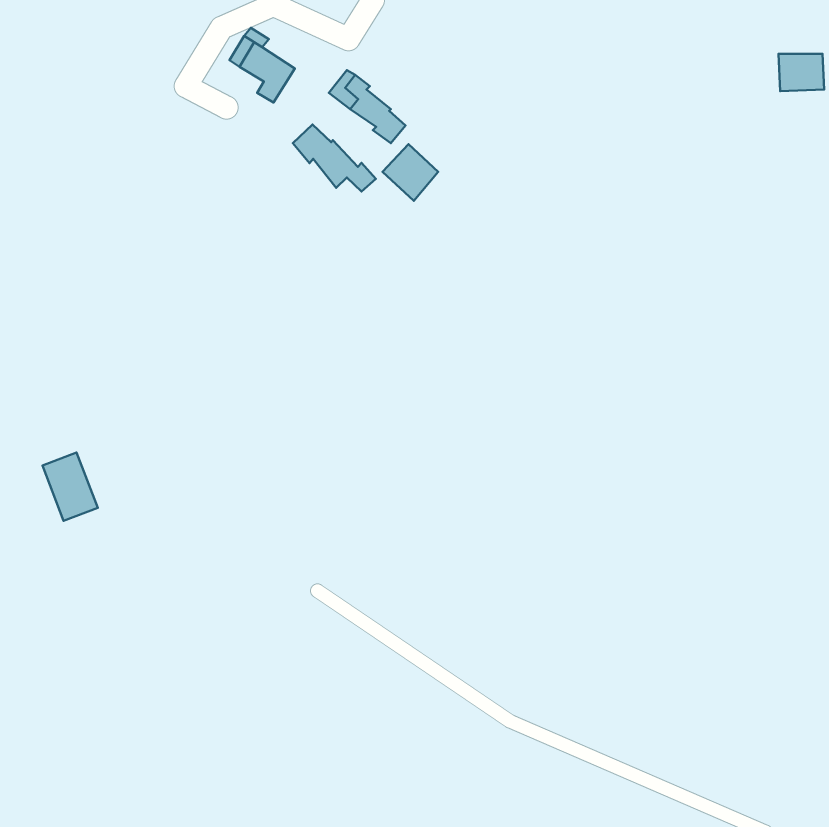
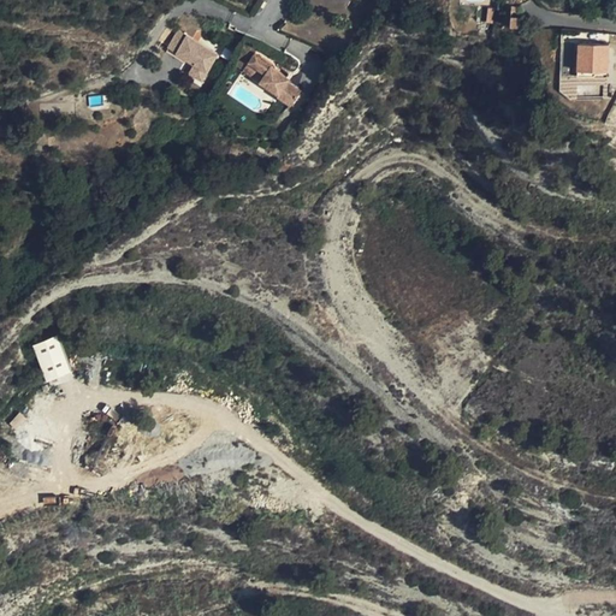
building: [293,124,376,192] -> none
building: [383,144,438,201] -> none

